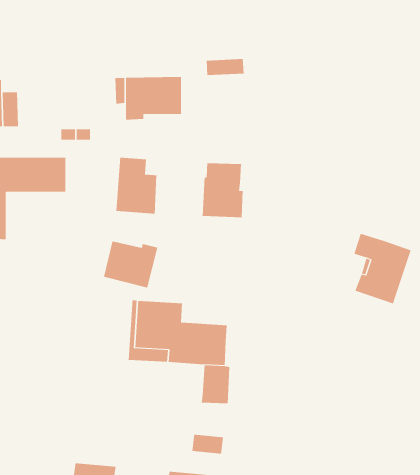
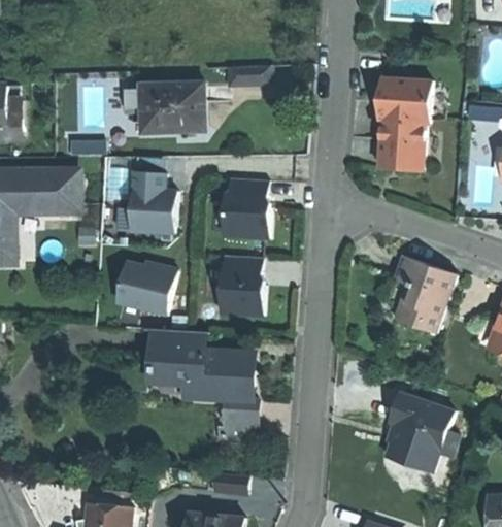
building: none -> [376,78,430,171]
building: none -> [222,255,265,316]
building: none -> [386,391,458,471]

